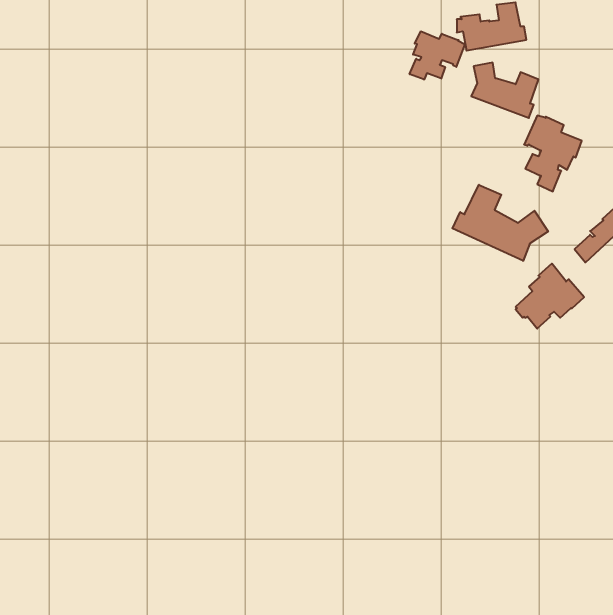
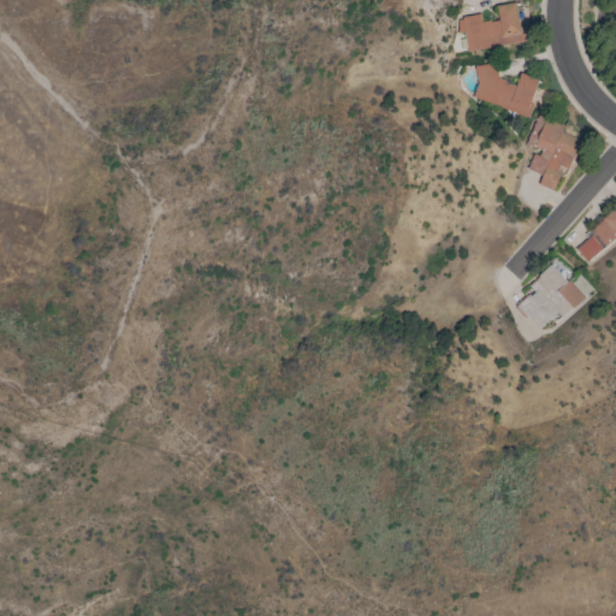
building: [410,31,465,80] -> none
building: [452,185,548,261] -> none

